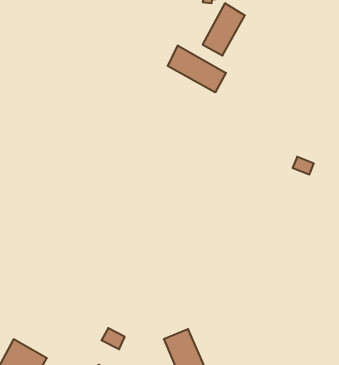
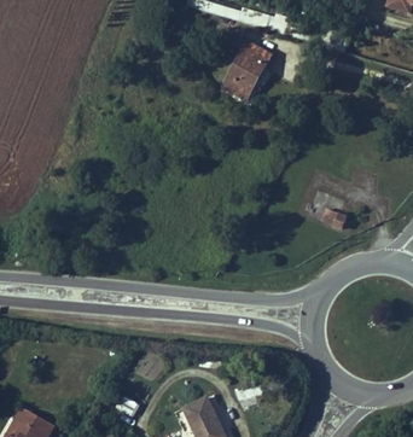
building: [168,45,226,92] -> none

